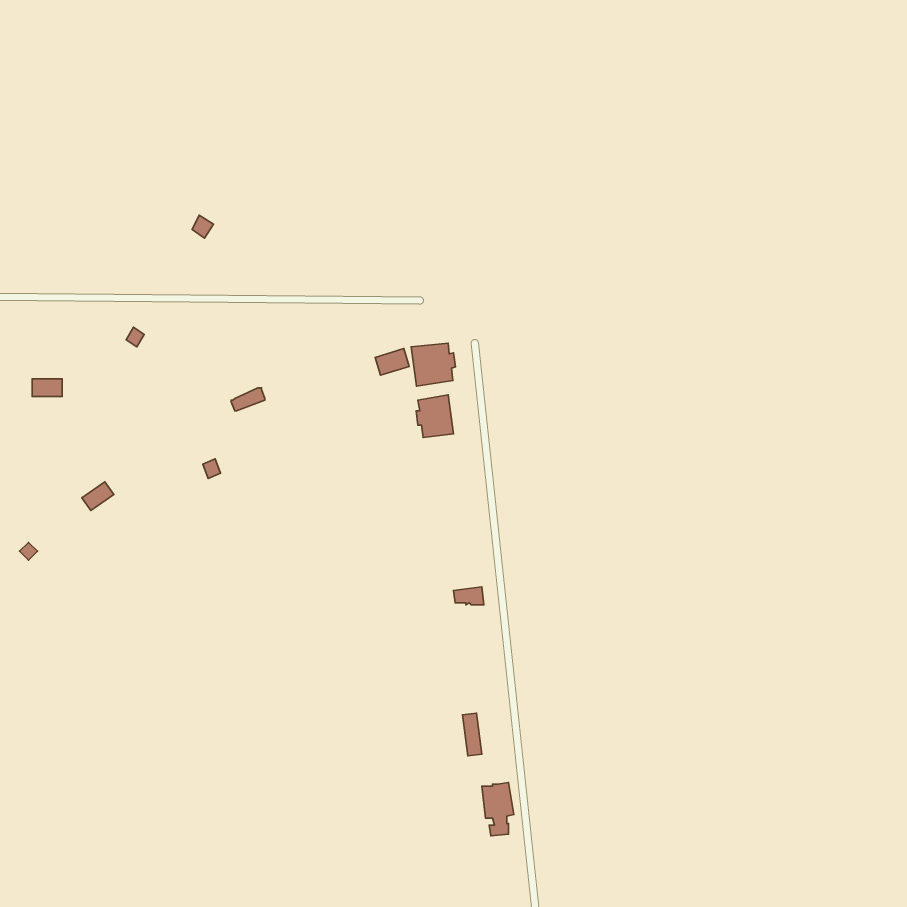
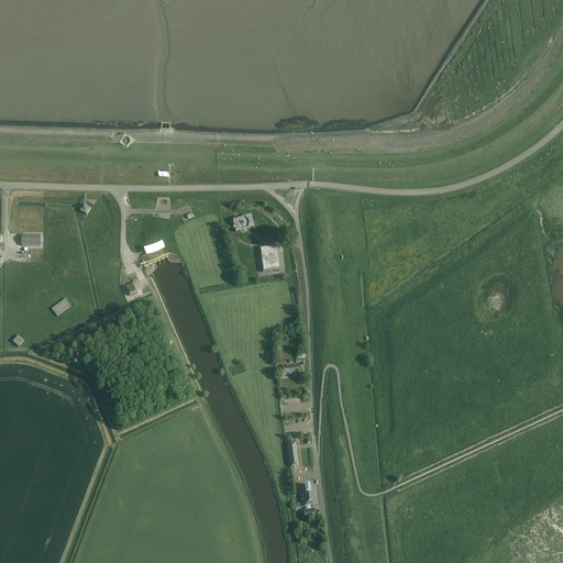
building: [411,343,456,386] -> none

